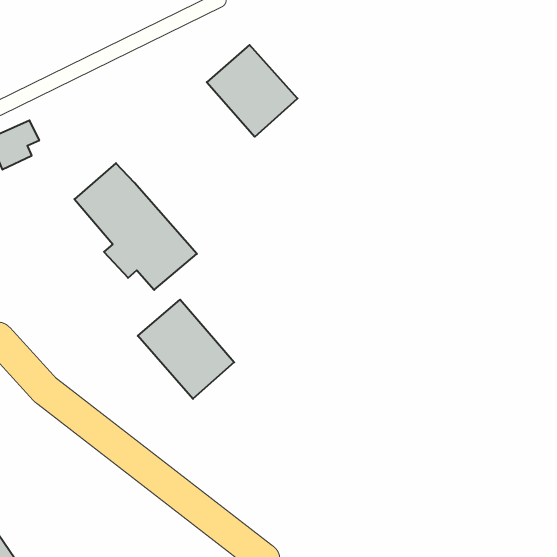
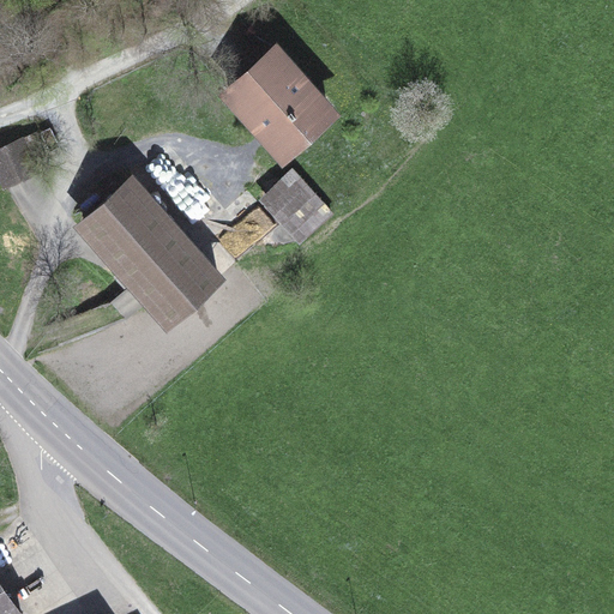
building: none -> [263,170,338,246]
building: [138,300,234,399] -> none

